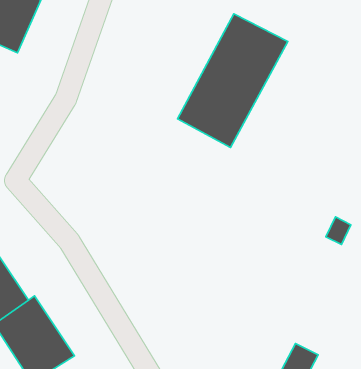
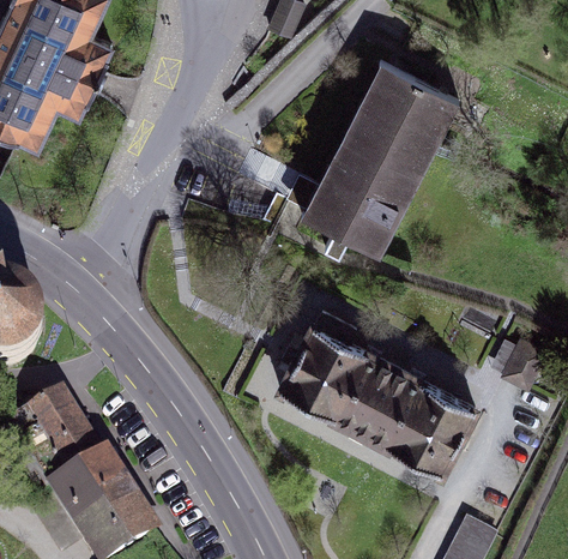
building: none -> [279,320,478,471]

